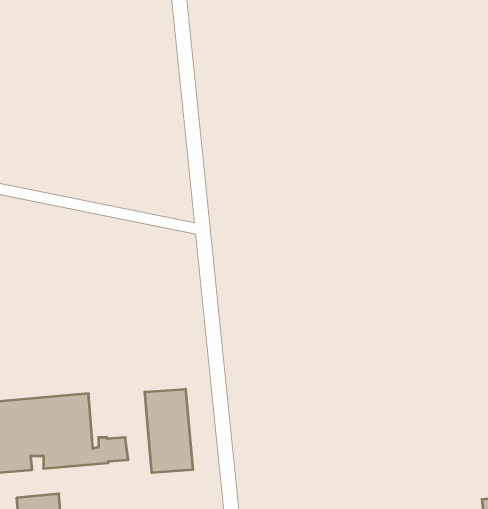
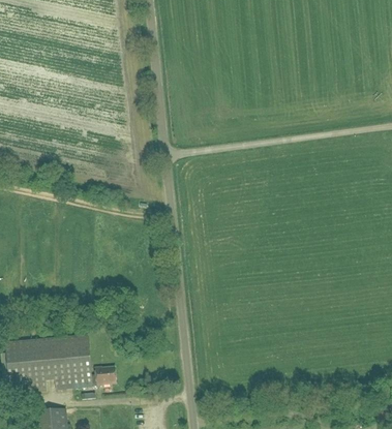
building: [145,389,193,473] -> none

